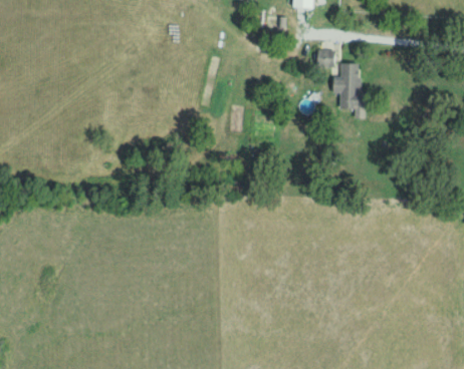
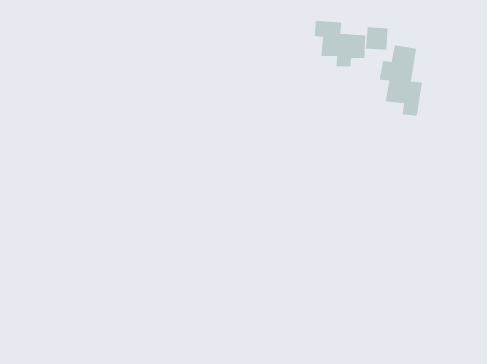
building: none -> [314,20,366,67]

